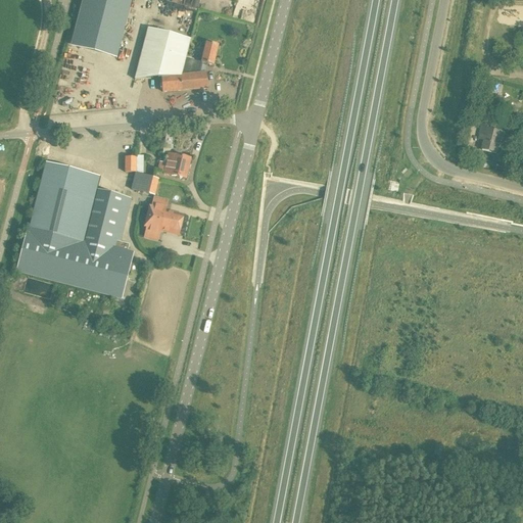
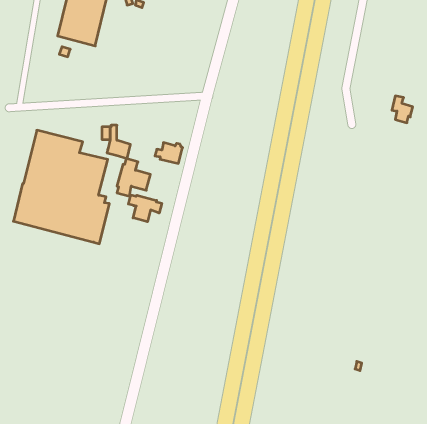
building: [135,27,219,90] -> none
building: [157,151,191,177] -> [155,143,183,163]
building: none -> [128,195,162,222]

